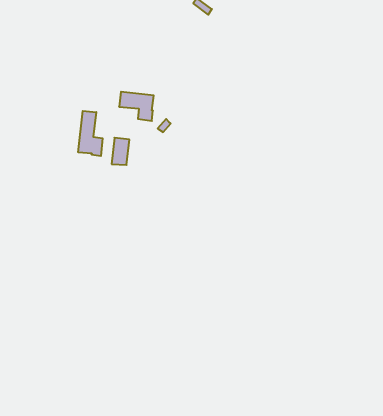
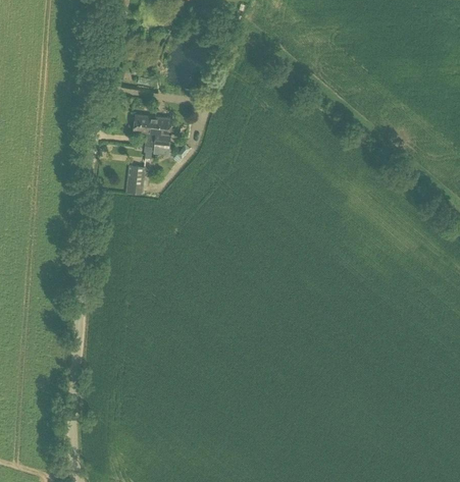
building: [78,111,103,156] -> none

